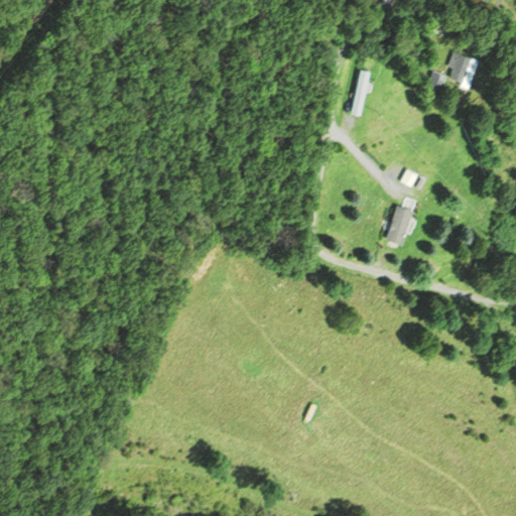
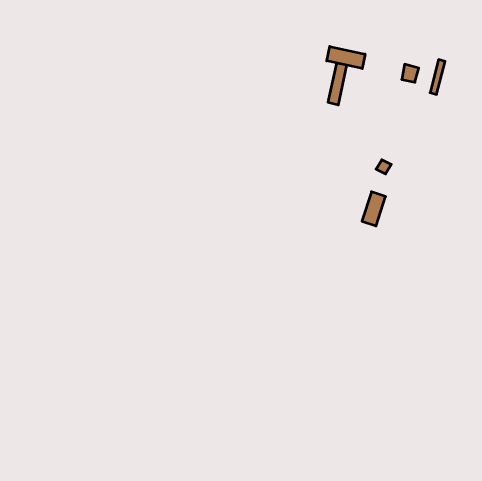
building: [448,51,471,82] -> none
building: none -> [327,46,365,69]

